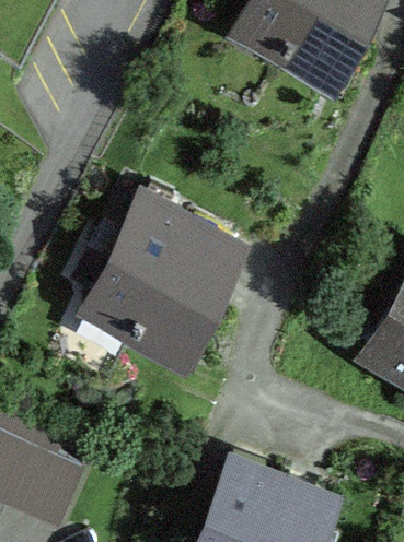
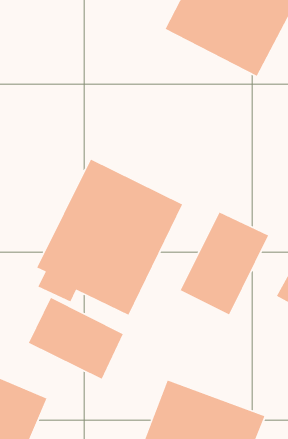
building: none -> [179,211,269,315]
building: none -> [28,297,124,380]

